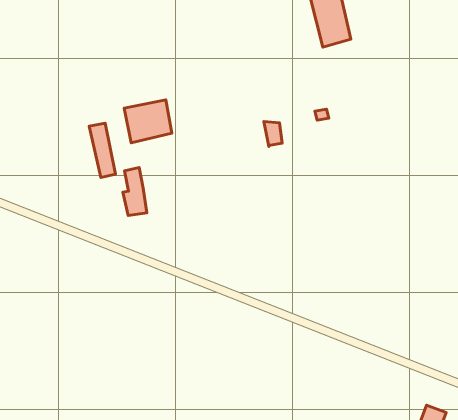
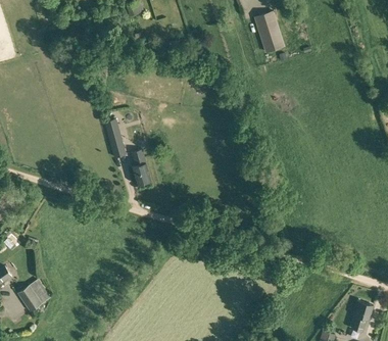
building: [124,100,172,143] -> none

